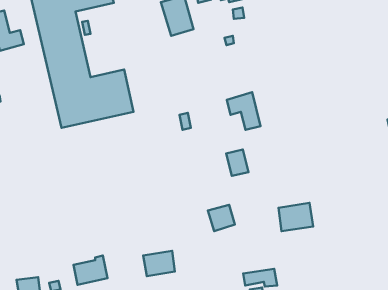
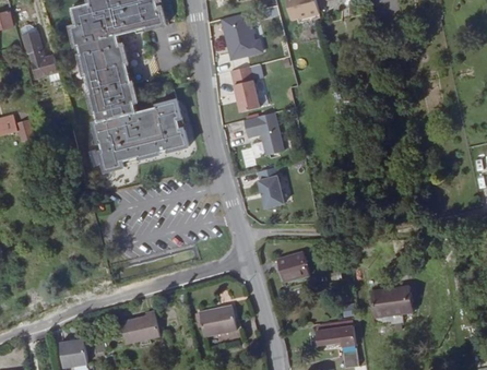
building: none -> [231,69,261,111]
building: [227,92,261,130] -> [245,111,284,155]
building: [226,150,249,176] -> [259,176,285,206]
building: [279,203,313,231] -> [371,286,412,319]

